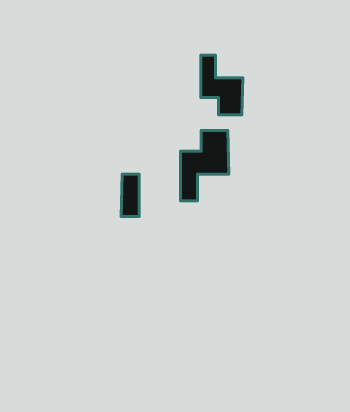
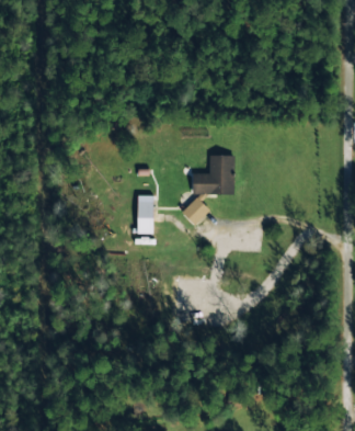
building: [201,55,243,115] -> none

